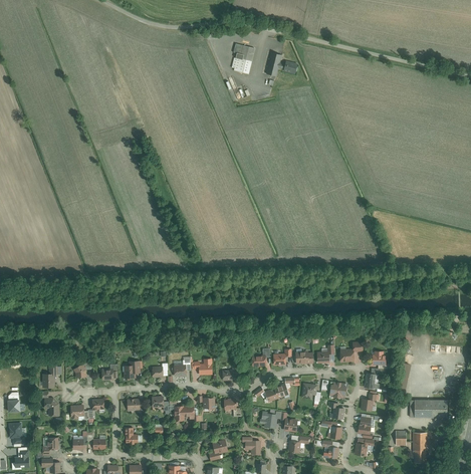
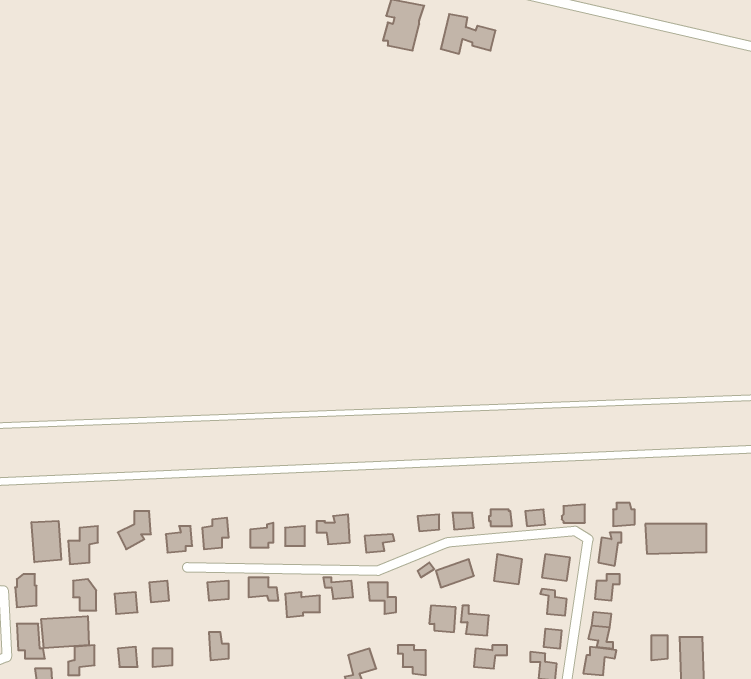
building: none -> [32,521,61,562]
building: [409,399,446,417] -> [645,524,707,554]
building: none -> [41,616,89,648]

